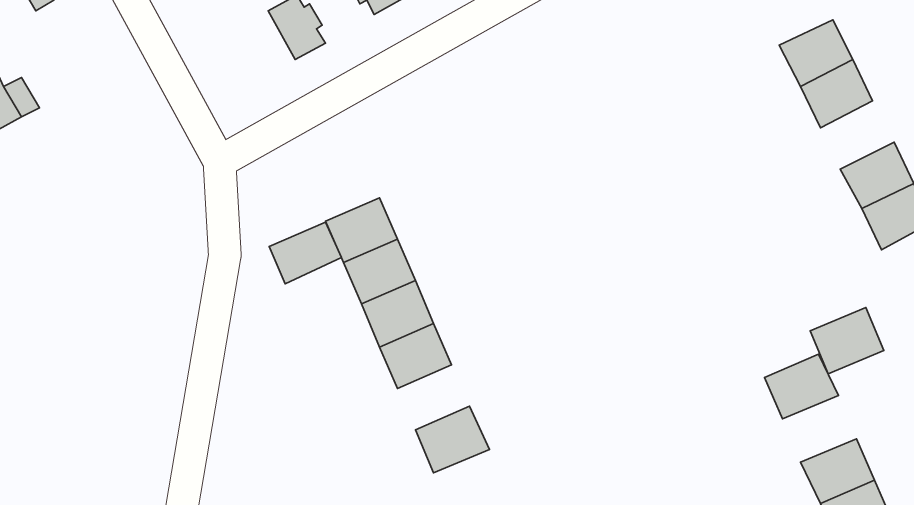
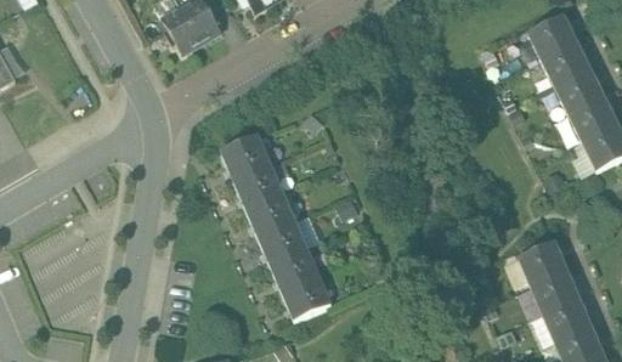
building: none -> [163,9,200,52]
building: none -> [555,69,605,115]
building: [269,222,341,284] -> none
building: [810,307,884,374] -> [530,268,579,313]
building: none -> [270,248,318,292]

